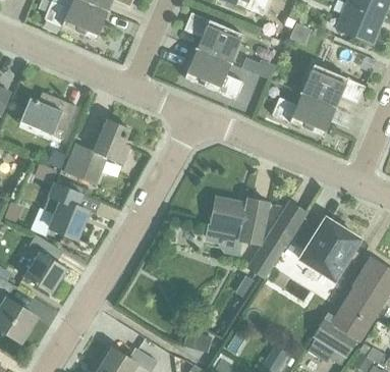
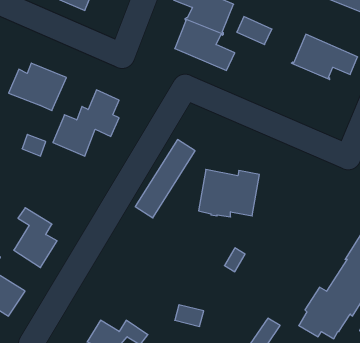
building: [272,93,337,137] -> none
building: [45,183,88,240] -> none
building: [246,202,305,279] -> [135,140,195,218]
building: [294,218,359,281] -> none

